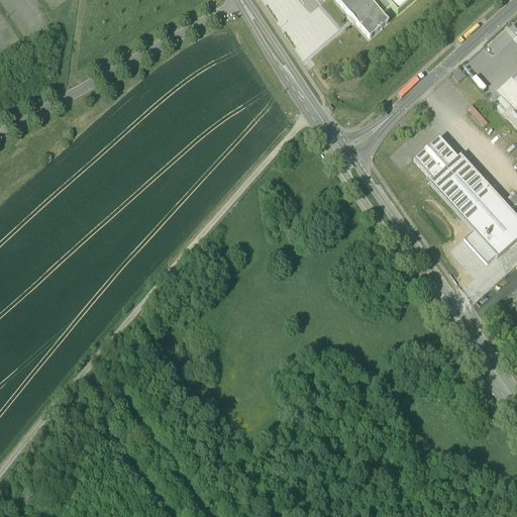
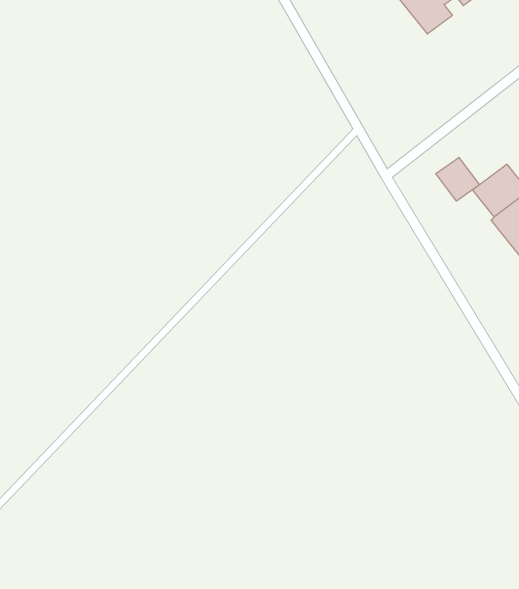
building: none -> [436,157,480,201]

